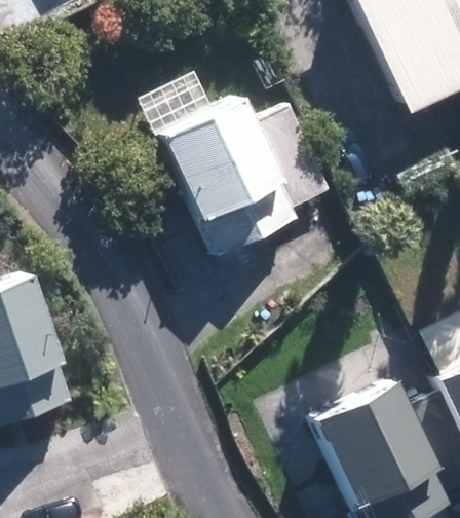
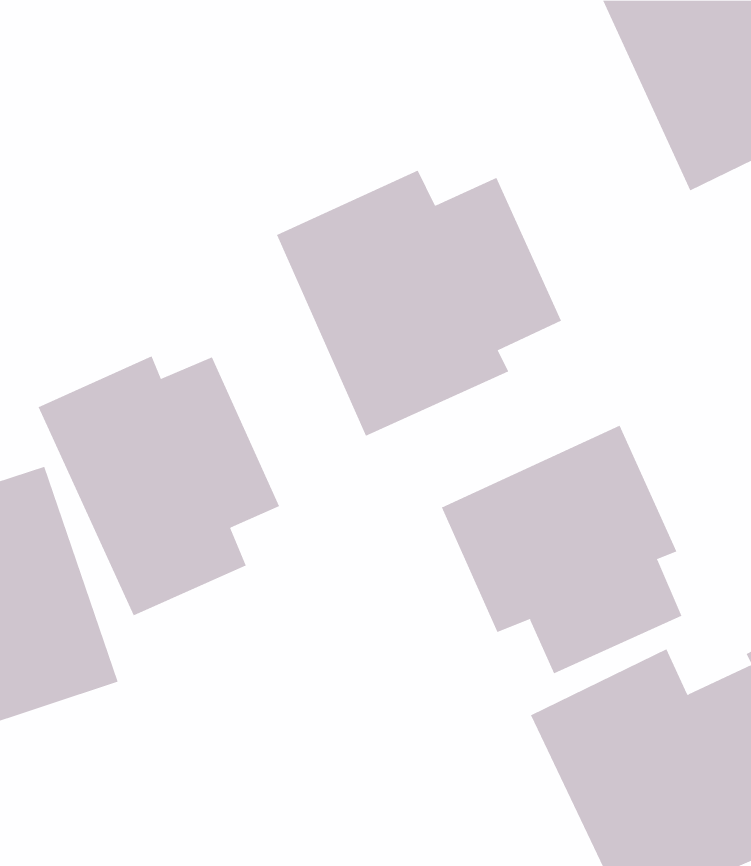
building: none -> [38,355,280,616]
building: none -> [441,425,682,674]

